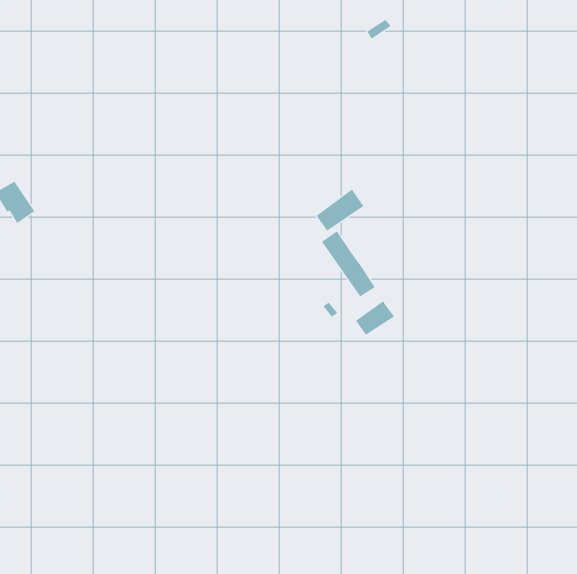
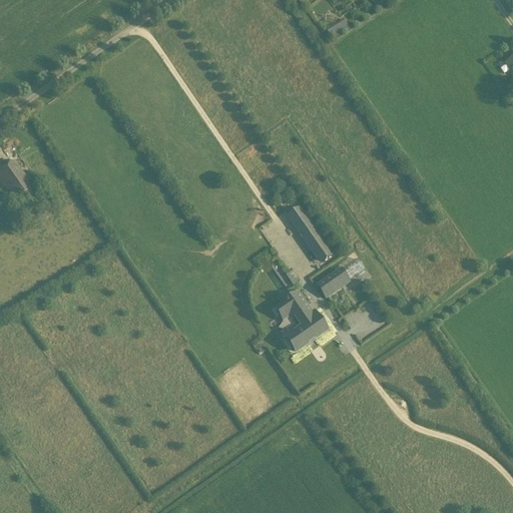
building: [316,188,364,231] -> none
building: none -> [275,293,325,350]

